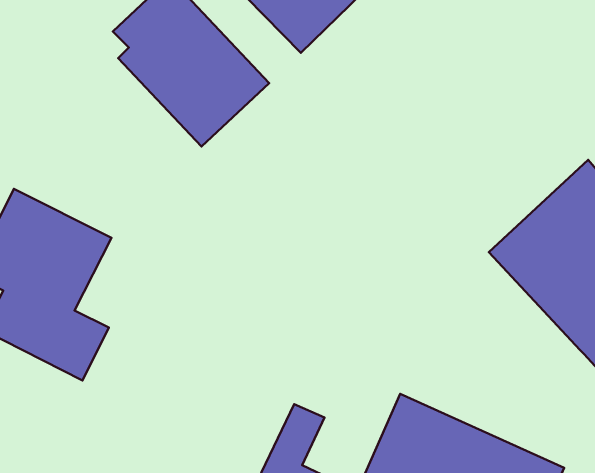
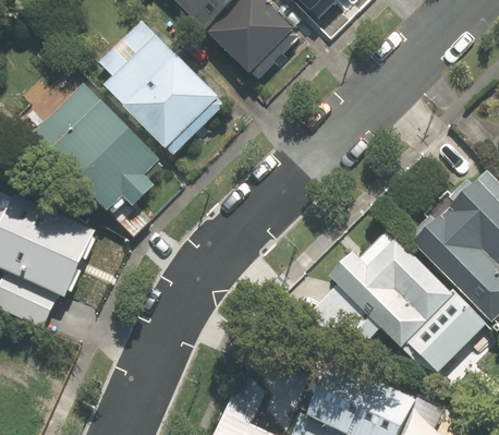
building: none -> [16,62,161,212]
building: none -> [327,228,484,376]

